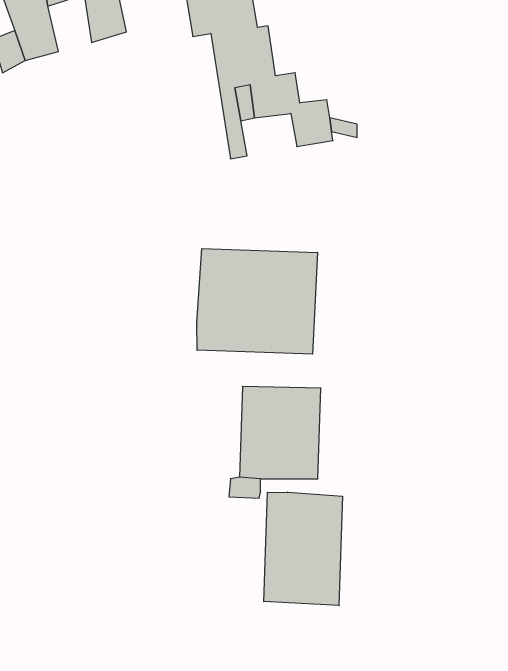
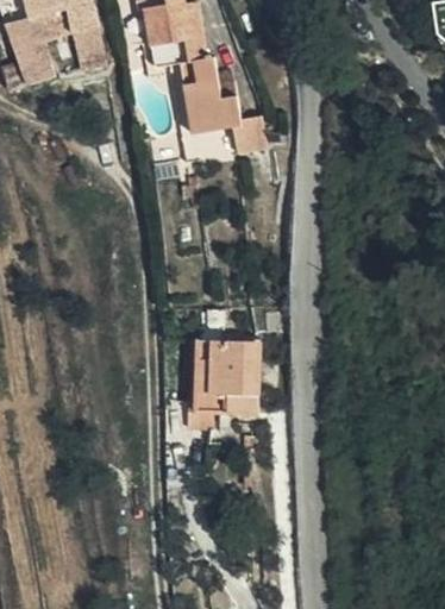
building: [197,249,317,354] -> none
building: [264,492,342,606] -> none

